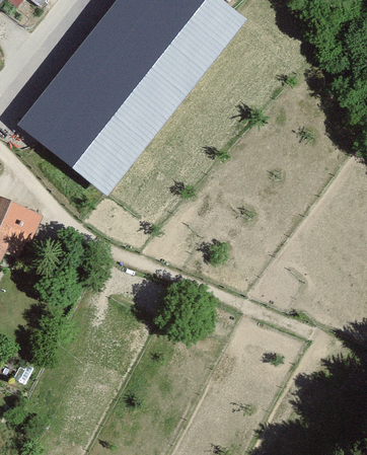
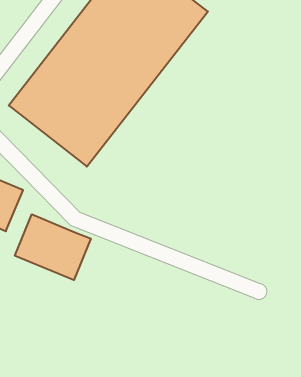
building: none -> [15,214,91,280]

